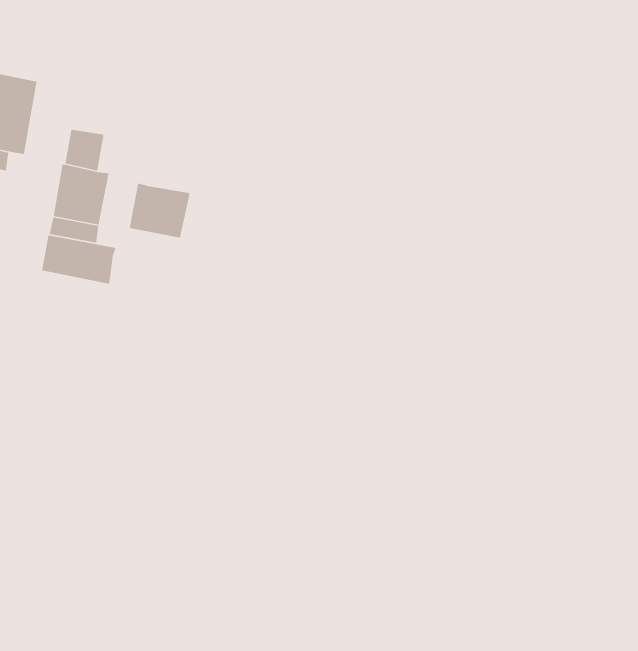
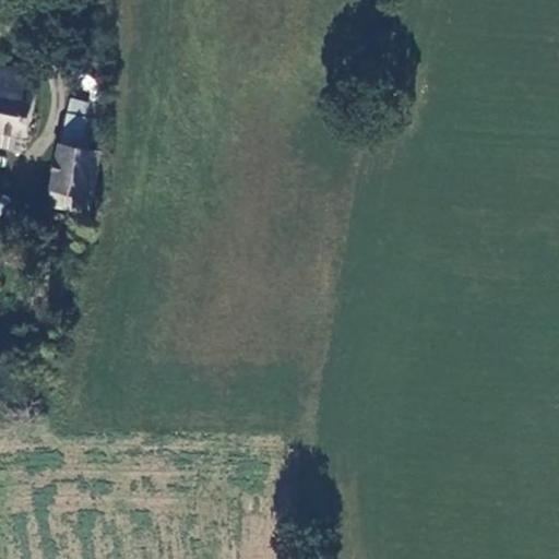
building: [129,183,191,239] -> none
building: [41,234,117,285] -> none

